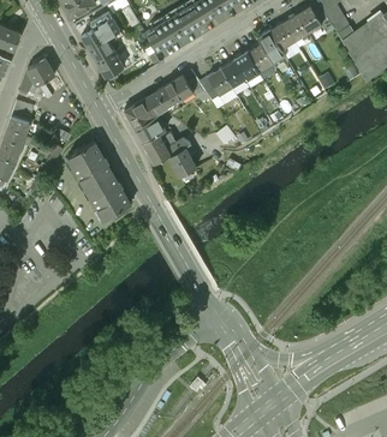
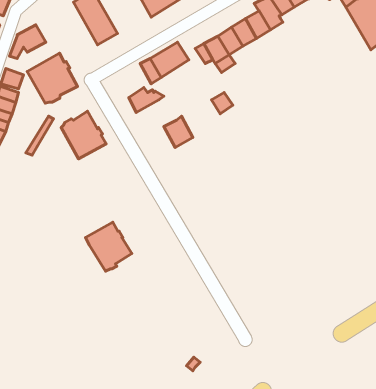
building: none -> [27,53,78,103]
building: [124,96,156,128] -> none
building: [142,131,180,163] -> none
building: [87,173,131,220] -> [85,222,132,271]

